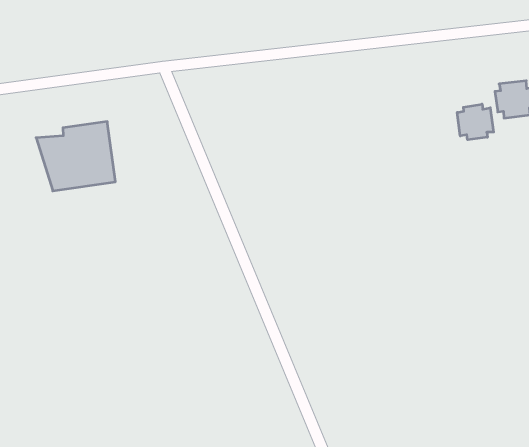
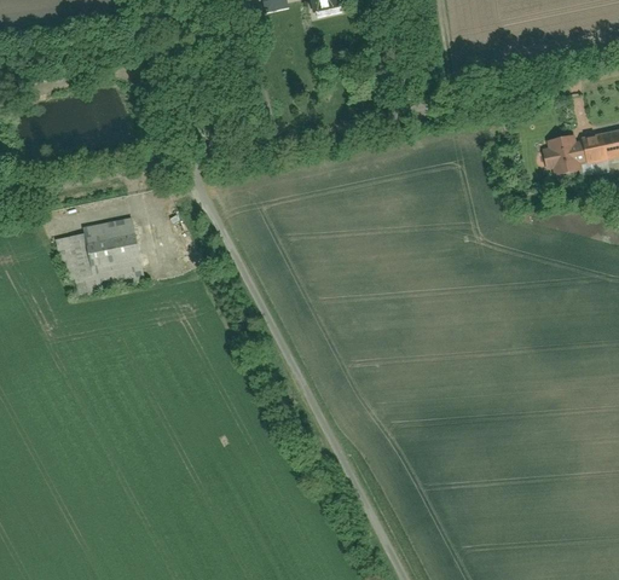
building: [457,104,494,140] -> none

